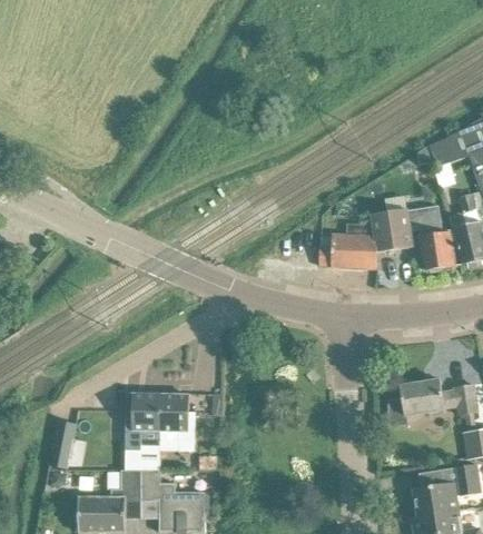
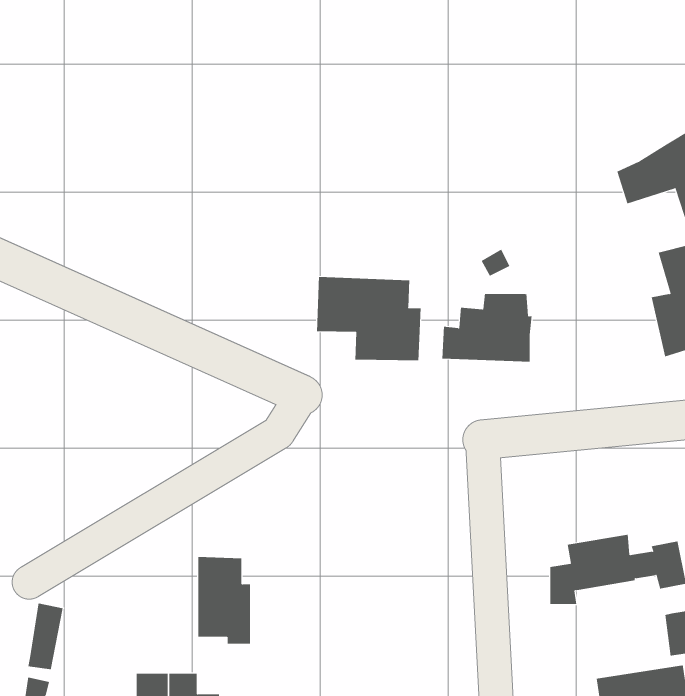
building: [372,206,455,270] -> none
building: none -> [316,276,421,361]
building: [127,394,161,451] -> none

